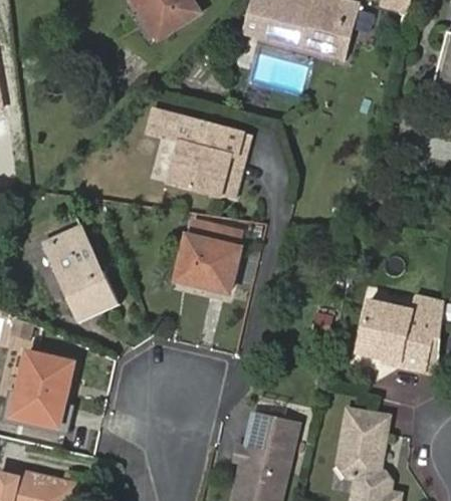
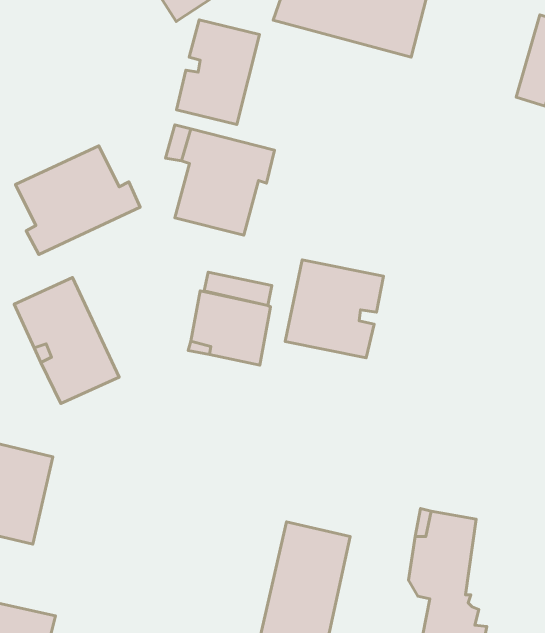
building: none -> [176,20,260,125]
building: none -> [15,146,140,255]
building: none -> [285,260,383,358]
building: [358,296,437,366] -> none

